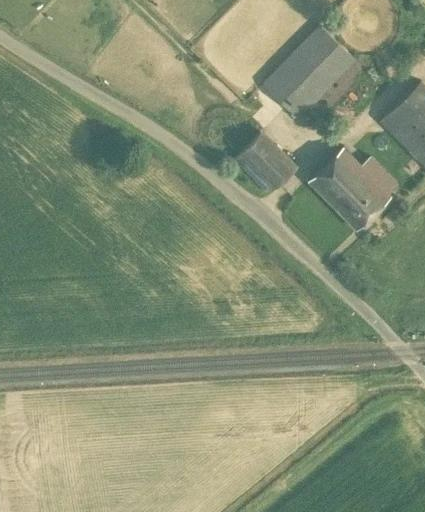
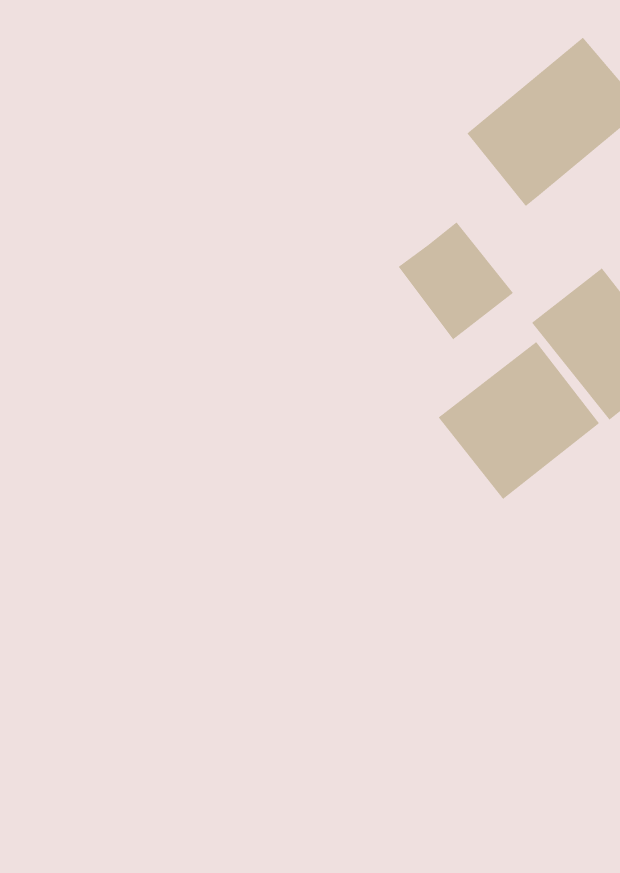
building: none -> [438,341,600,500]

